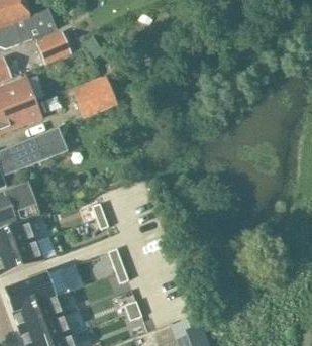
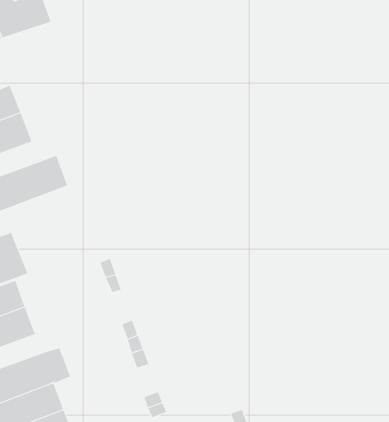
building: [36,32,71,62] -> none
building: [73,76,116,115] -> none

